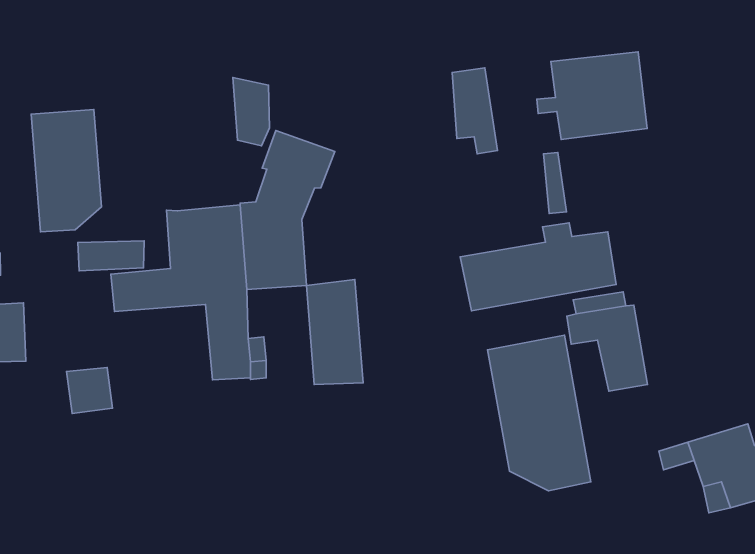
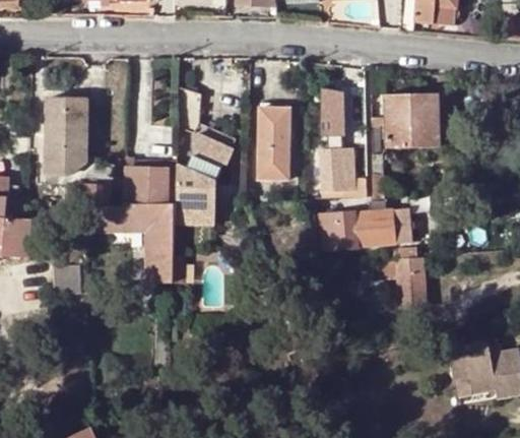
building: none -> [319,149,367,191]
building: [306,279,363,384] -> [256,114,288,181]
building: [488,335,591,491] -> none

